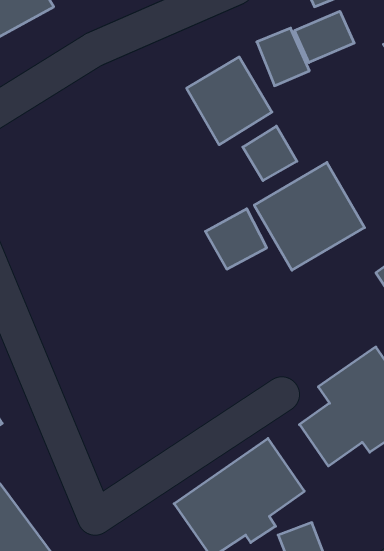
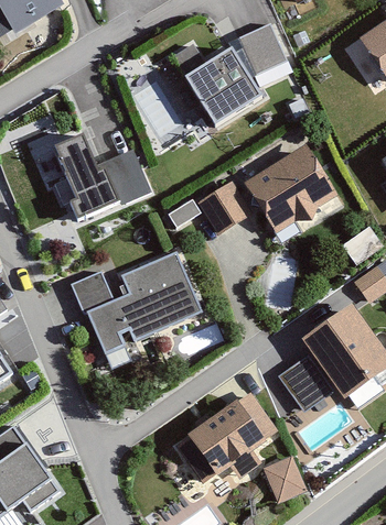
building: [295,11,354,63] -> none
building: [243,126,297,181] -> none
building: none -> [49,145,148,222]
building: none -> [68,254,204,362]

